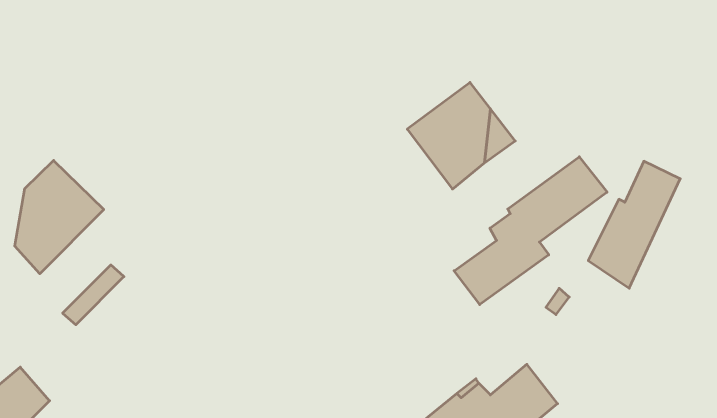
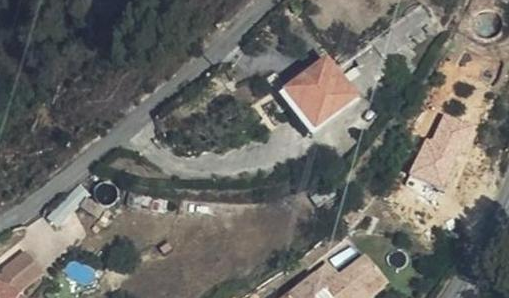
building: [454,157,607,305] -> none
building: [15,160,104,274] -> none

